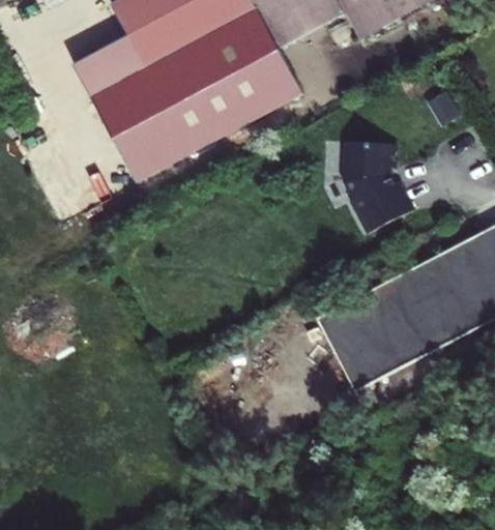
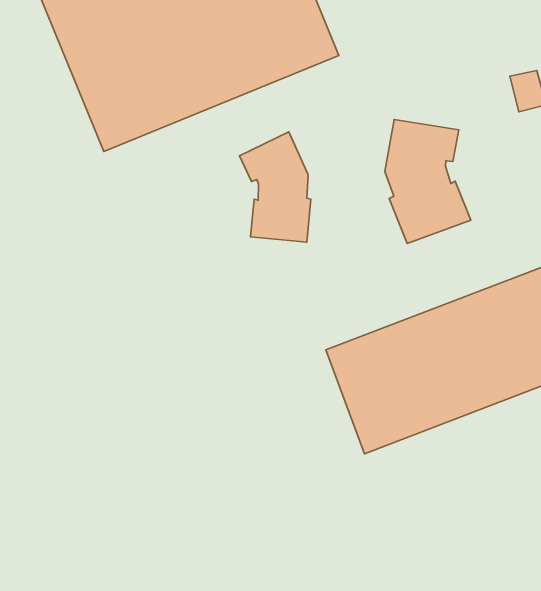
building: none -> [240,132,311,242]

